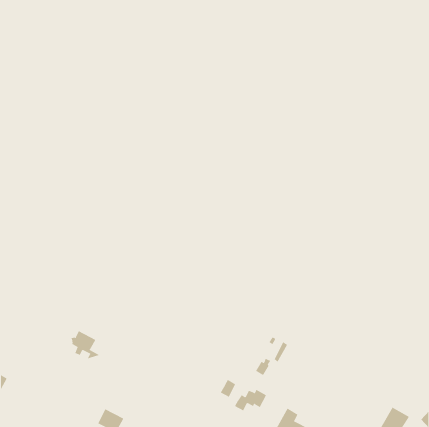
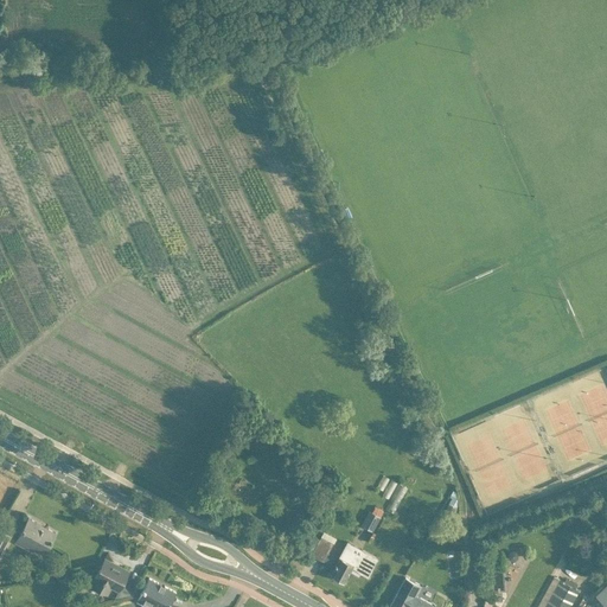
building: [69,330,100,359] -> [91,561,134,601]
building: none -> [15,520,56,557]

